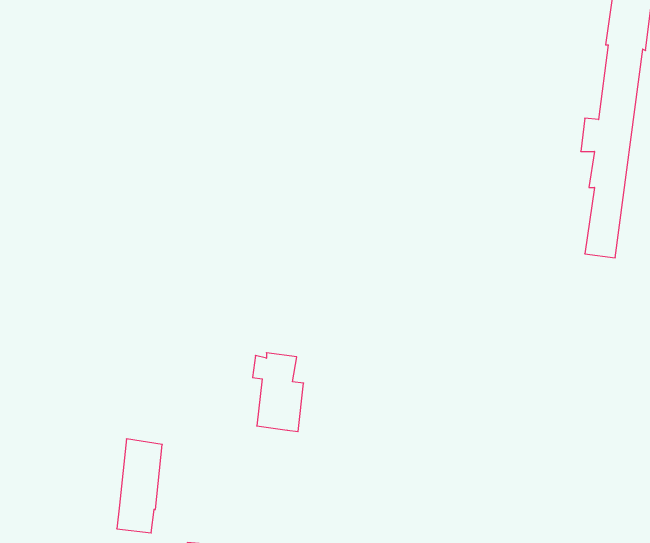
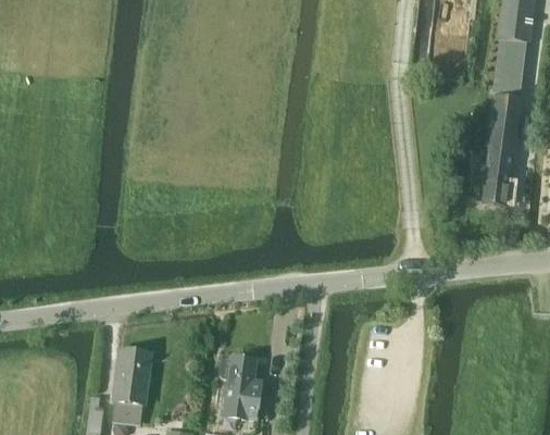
building: [253,353,304,432] -> [221,357,261,419]

